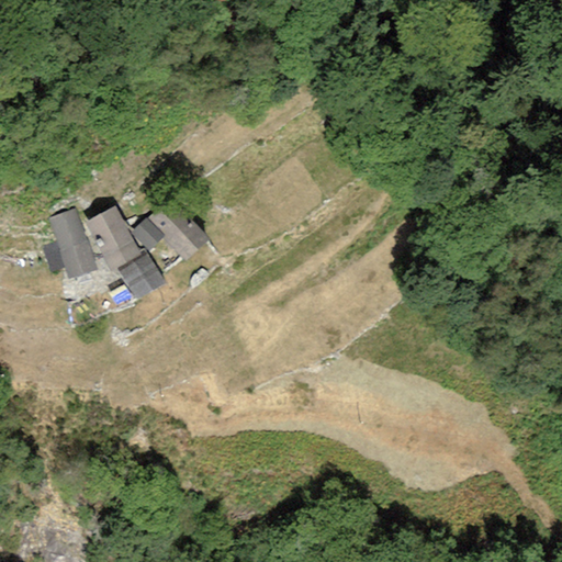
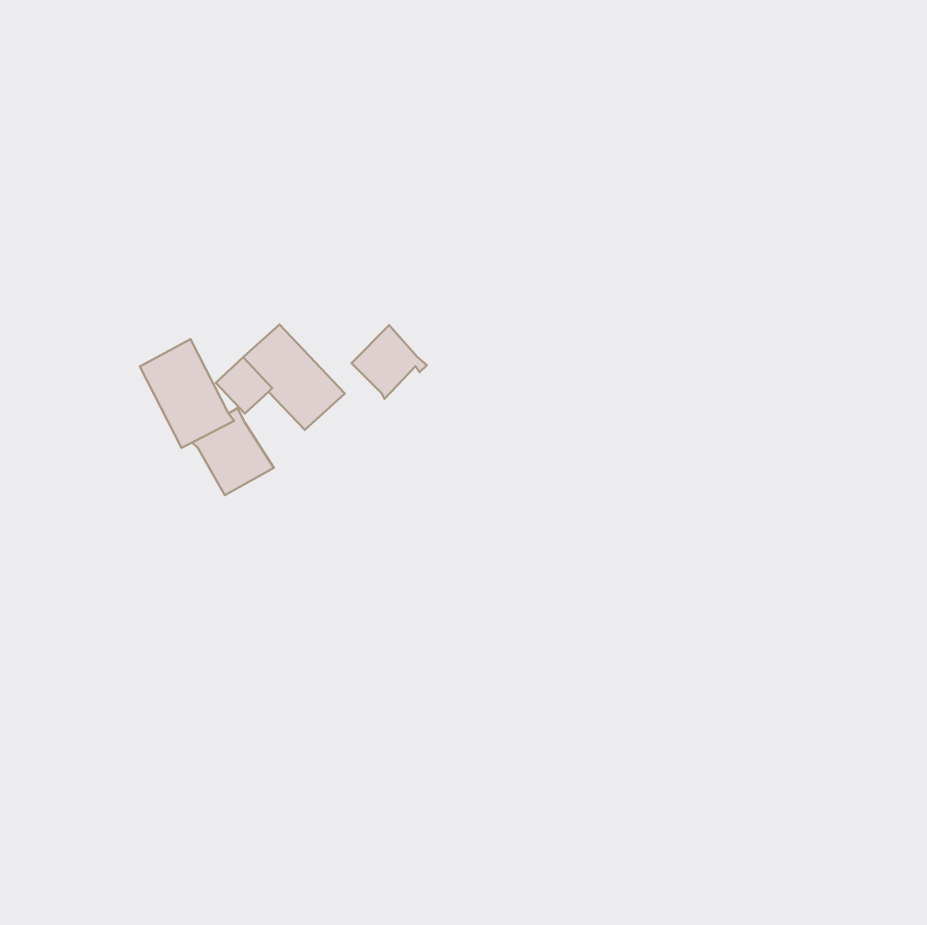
building: none -> [351,325,427,399]
building: [42,207,95,279] -> none

